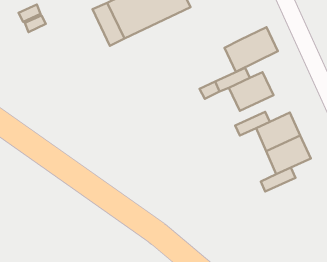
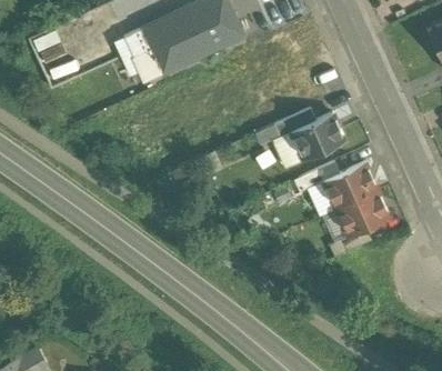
building: [225,27,278,72] -> none

